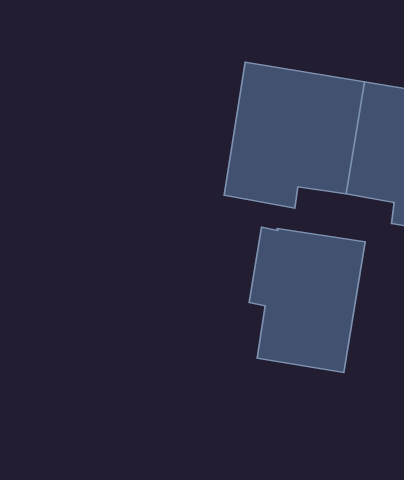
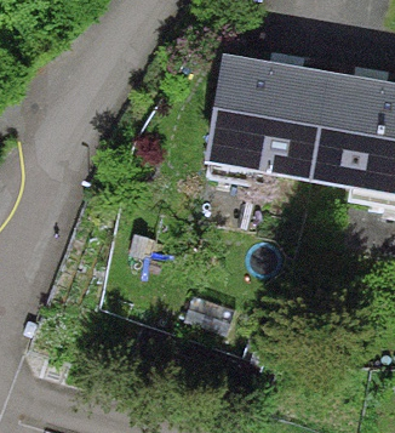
building: [249,227,365,372] -> none

